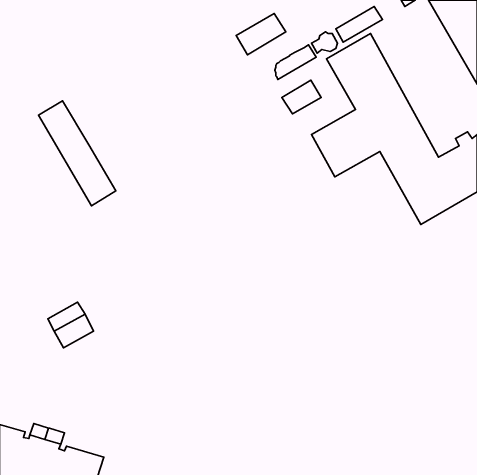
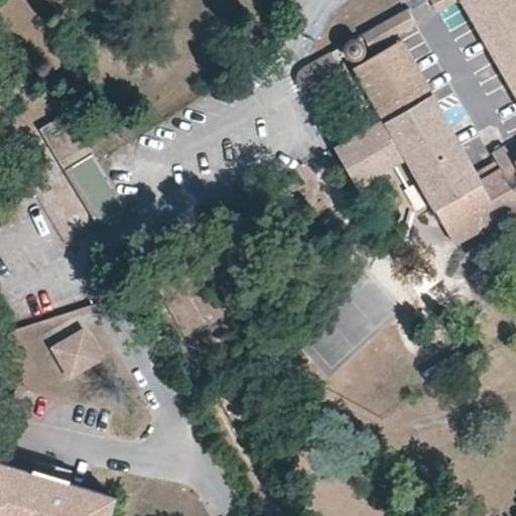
building: [236,14,286,55] -> none
building: [282,80,321,114] -> none

